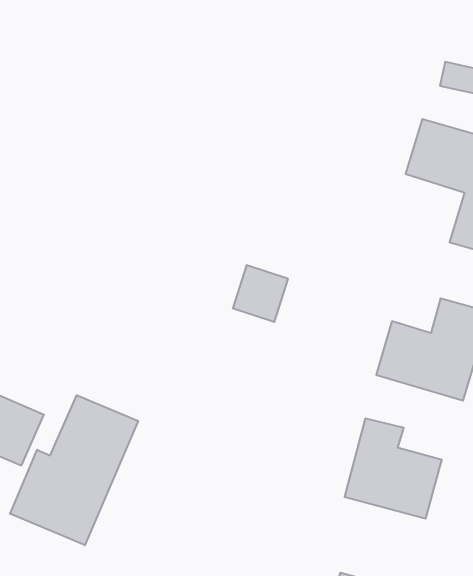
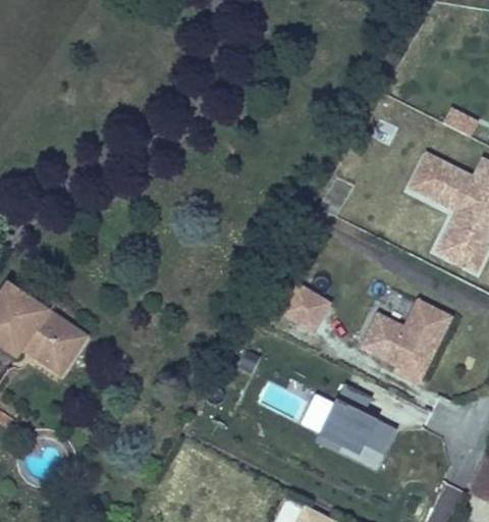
building: [233,265,288,322] -> [285,283,333,332]
building: [10,395,138,545] -> none

